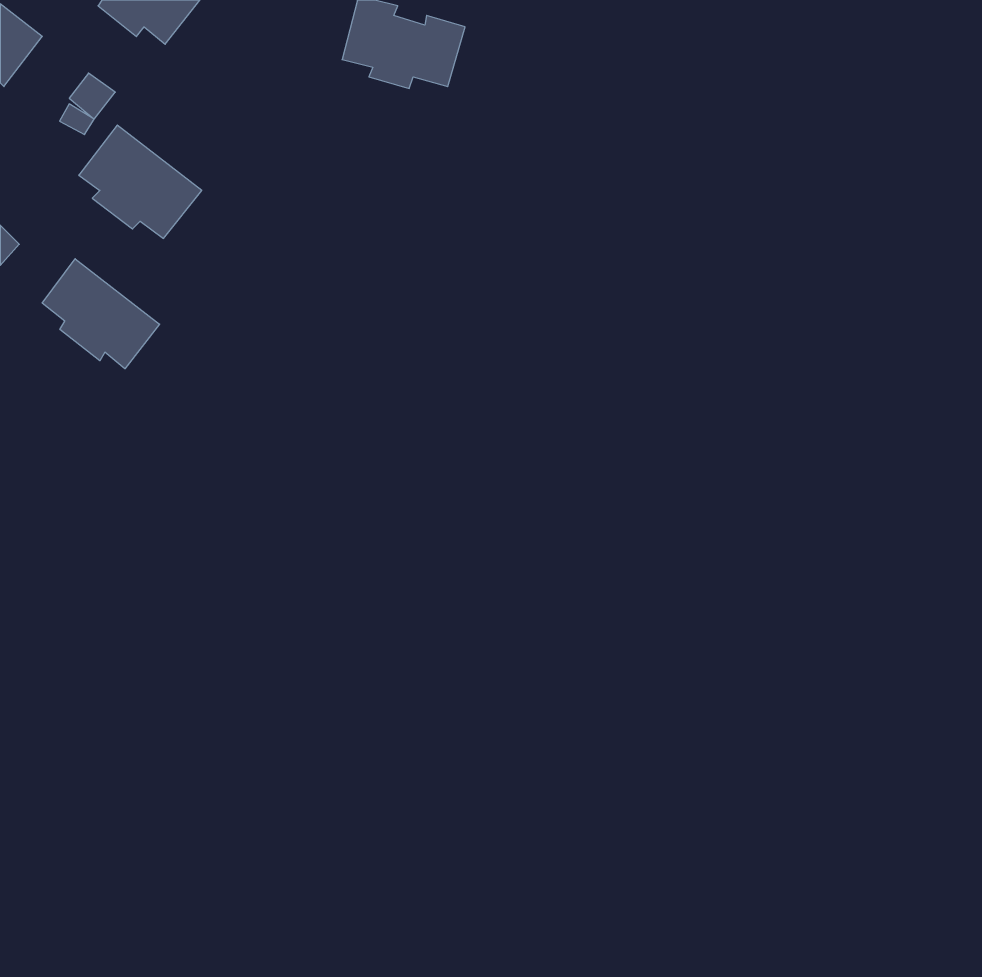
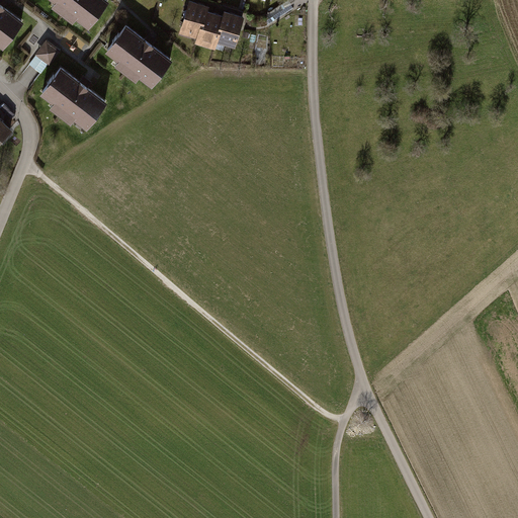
building: none -> [105,25,169,85]
building: [42,259,160,369] -> none

